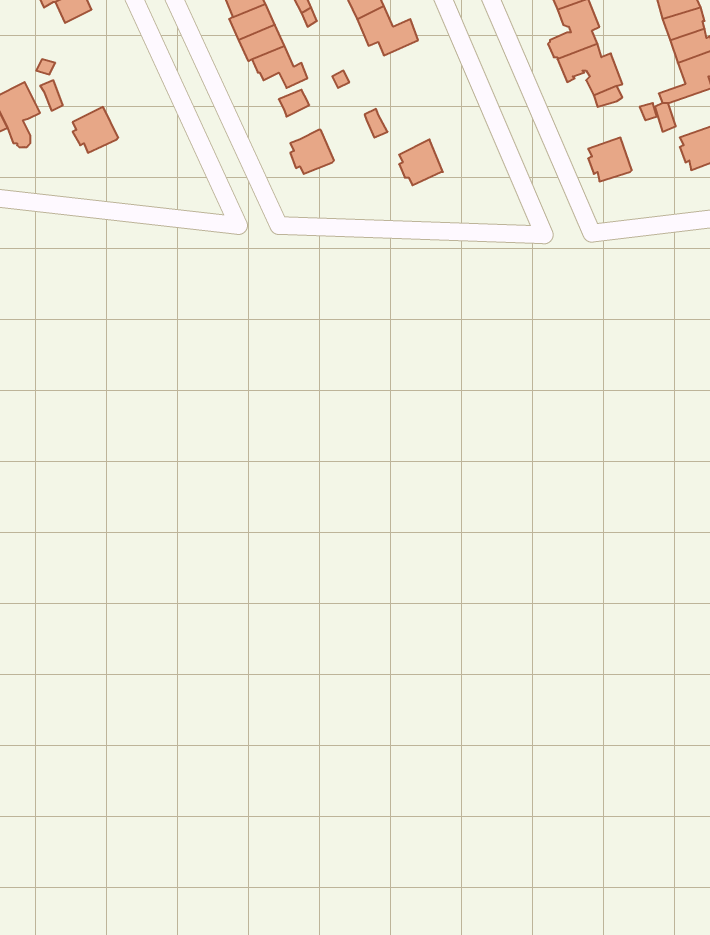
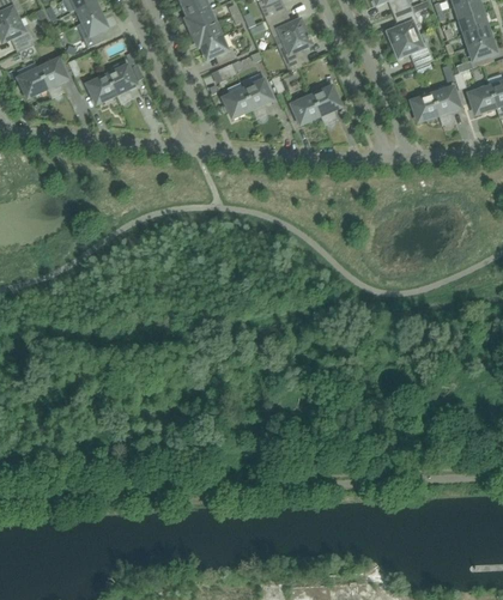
building: none -> [77,11,107,46]
building: none -> [280,30,310,68]
building: none -> [107,62,135,103]
building: none -> [243,77,272,117]
building: none -> [311,84,340,125]
building: none -> [431,85,459,125]

